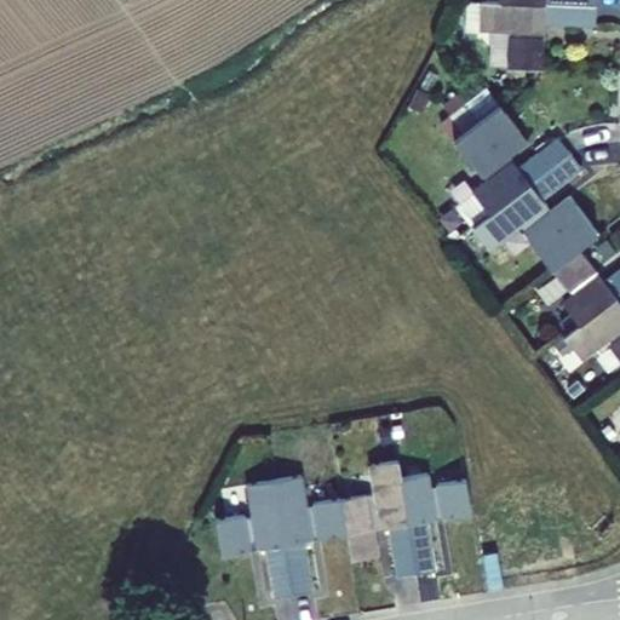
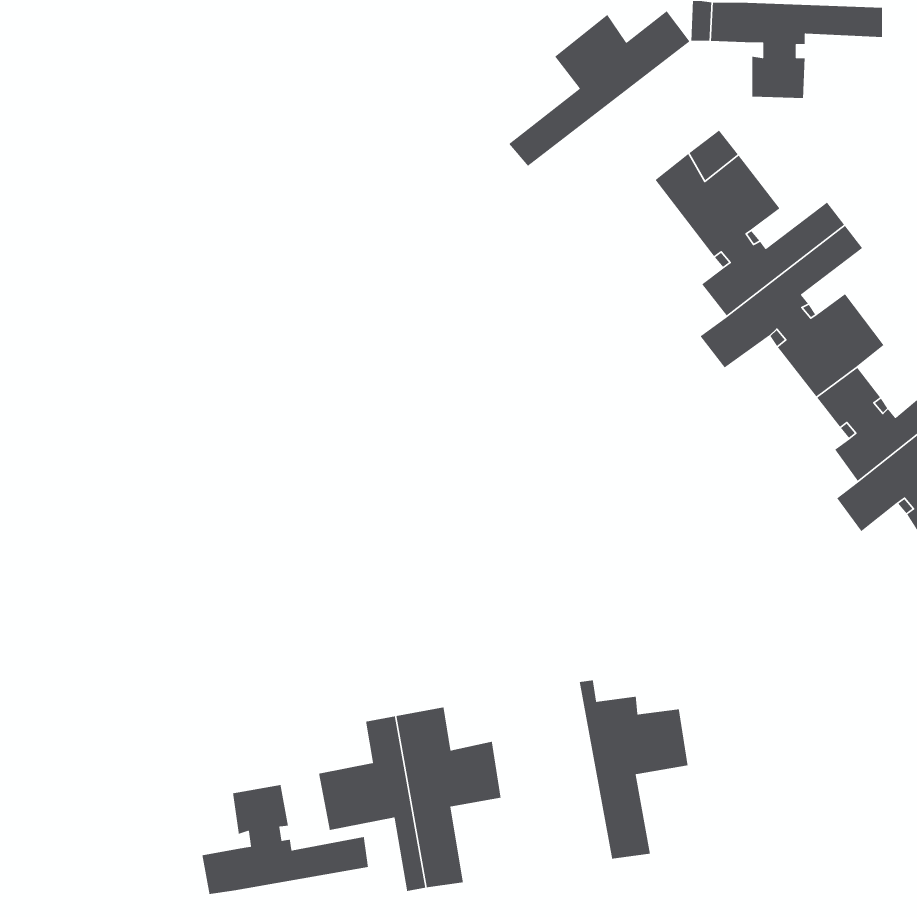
building: none -> [508,10,690,167]
building: [333,460,413,582] -> none
building: none -> [201,784,369,895]

